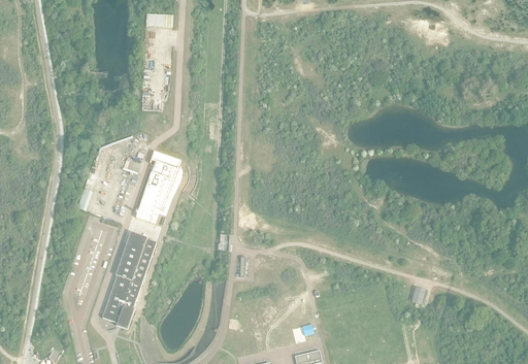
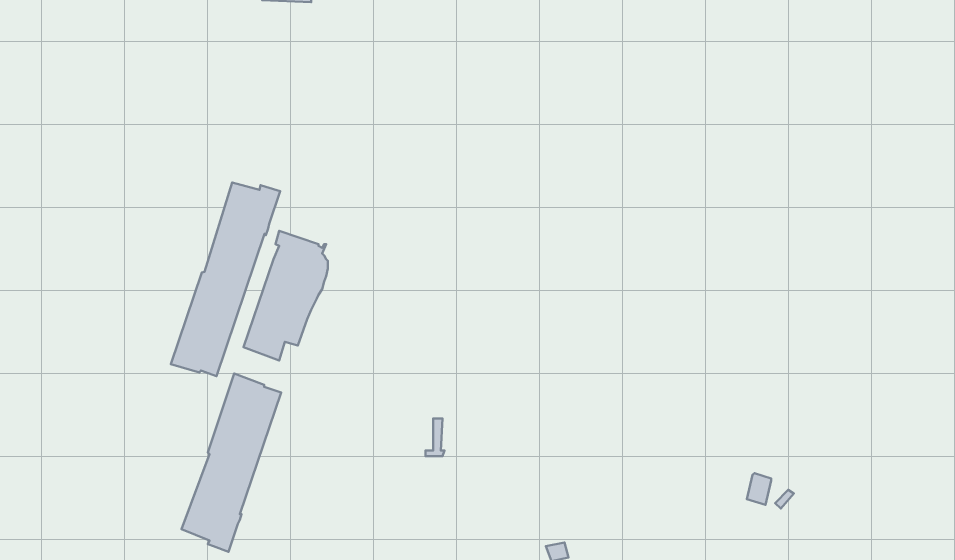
building: none -> [171,183,280,376]

